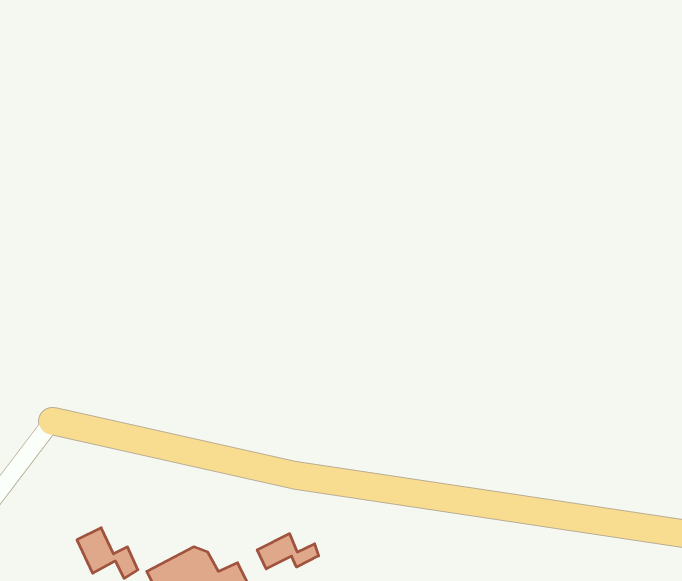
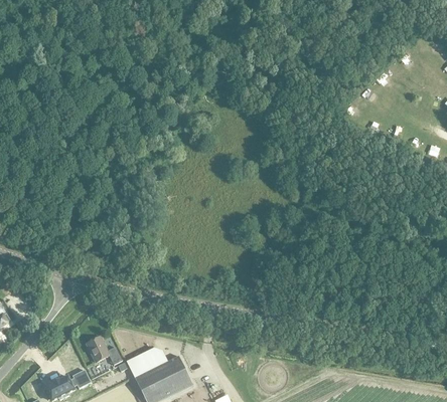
building: [257,534,319,569] -> none

